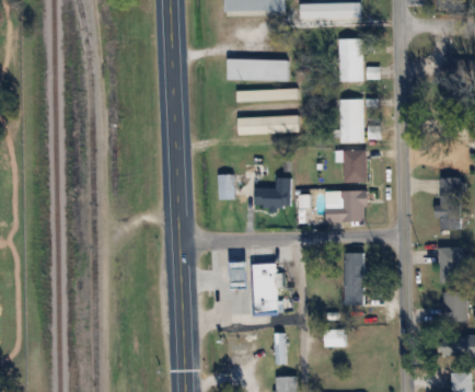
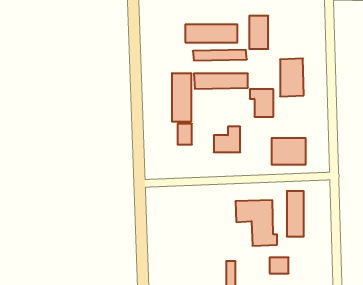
building: [339,43,361,81] -> [249,16,268,49]
building: none -> [172,73,191,122]
building: [338,150,366,182] -> [250,89,273,117]
building: [233,263,281,315] -> [235,200,277,246]

